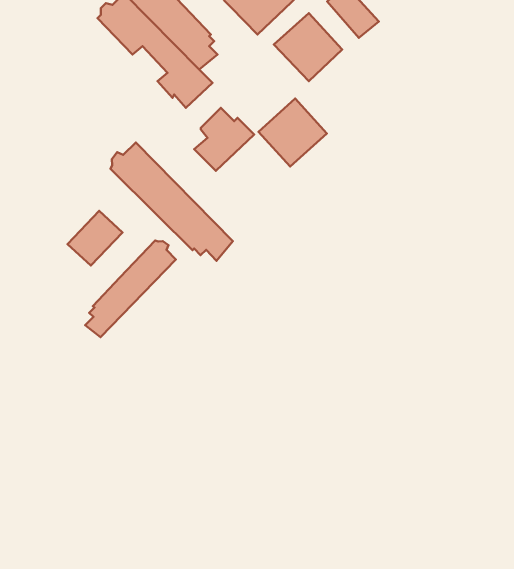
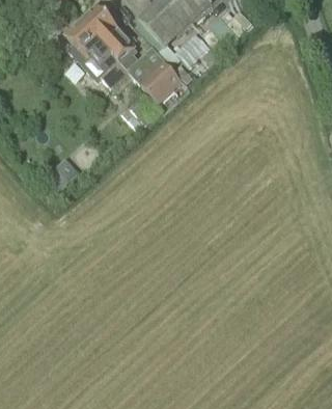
building: [259,98,327,167] -> [140,57,183,100]
building: [110,143,233,261] -> none
building: [85,240,176,337] -> none

